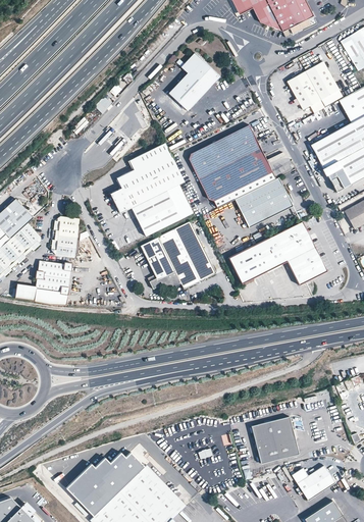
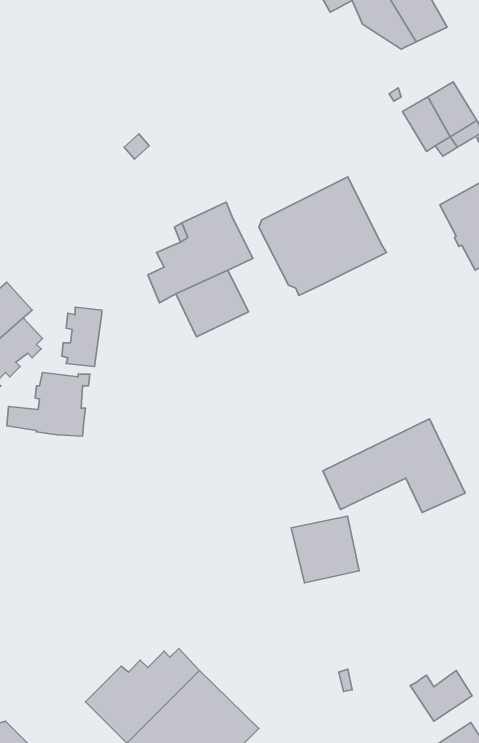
building: [167,52,219,110] -> none
building: [232,177,291,227] -> none
building: [166,182,195,218] -> none
building: [228,219,326,283] -> [323,419,465,512]
building: [140,220,215,289] -> none
building: [251,417,298,463] -> [291,516,359,583]

